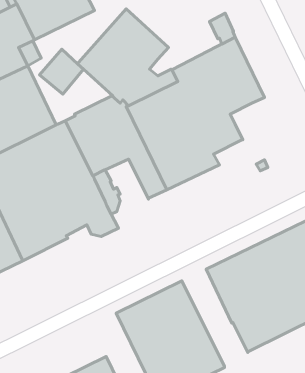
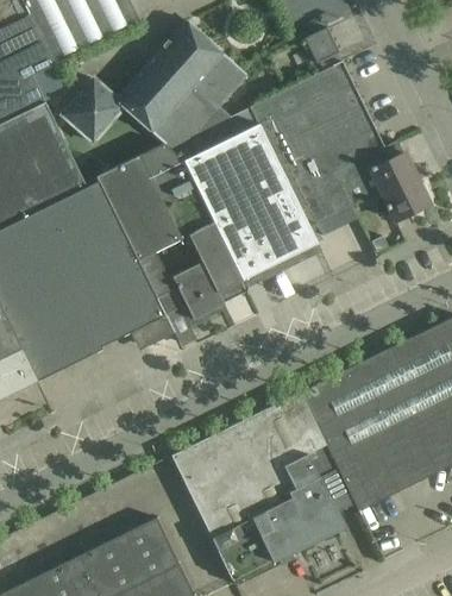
building: none -> [333,140,428,221]
building: none -> [162,257,224,326]
building: none -> [264,393,341,532]

